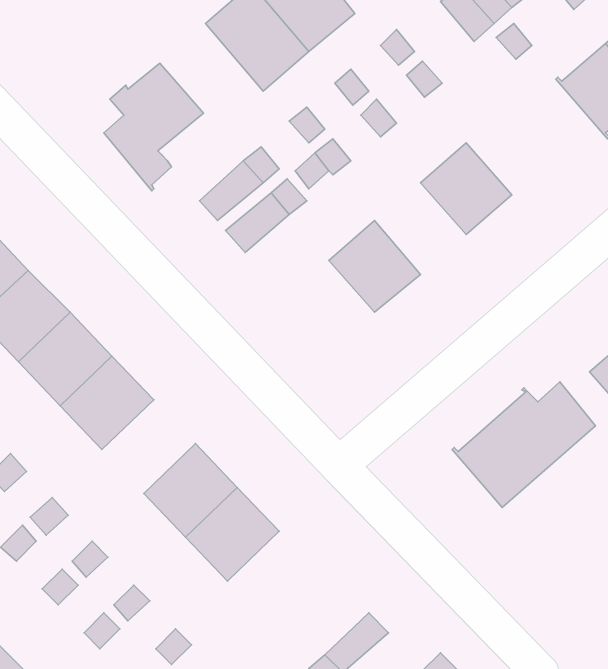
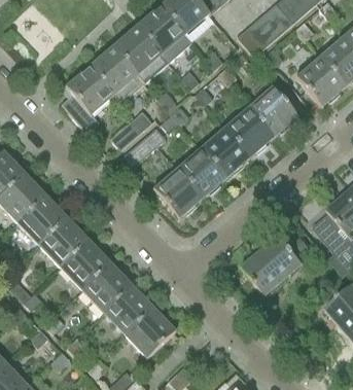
building: none -> [91,46,144,102]
building: none -> [249,87,298,135]
building: none -> [202,129,249,176]
building: none -> [152,169,202,218]
building: none -> [61,241,109,289]
building: none -> [126,309,176,358]

